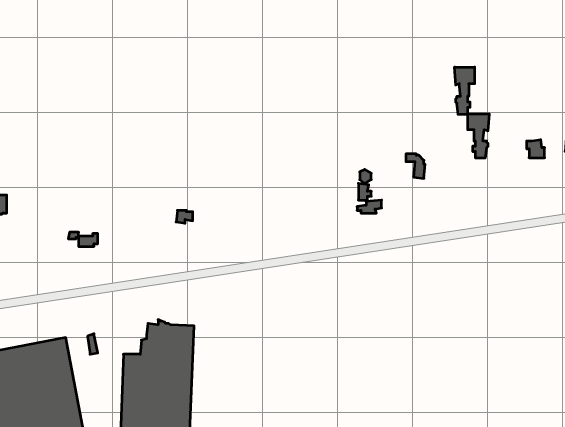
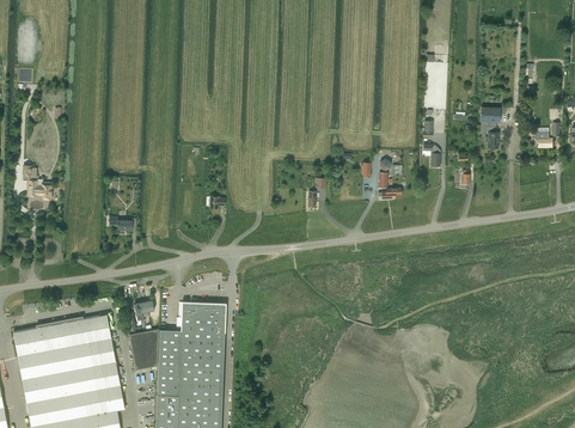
building: [455,67,475,114] -> none
building: none -> [129,329,159,369]

